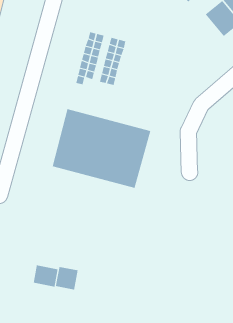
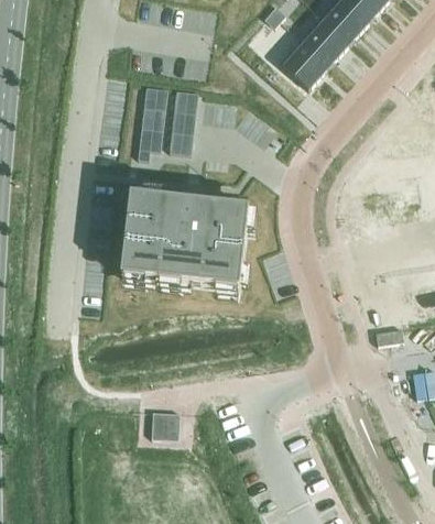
building: none -> [279,39,329,88]
building: [33,265,58,287] -> none

